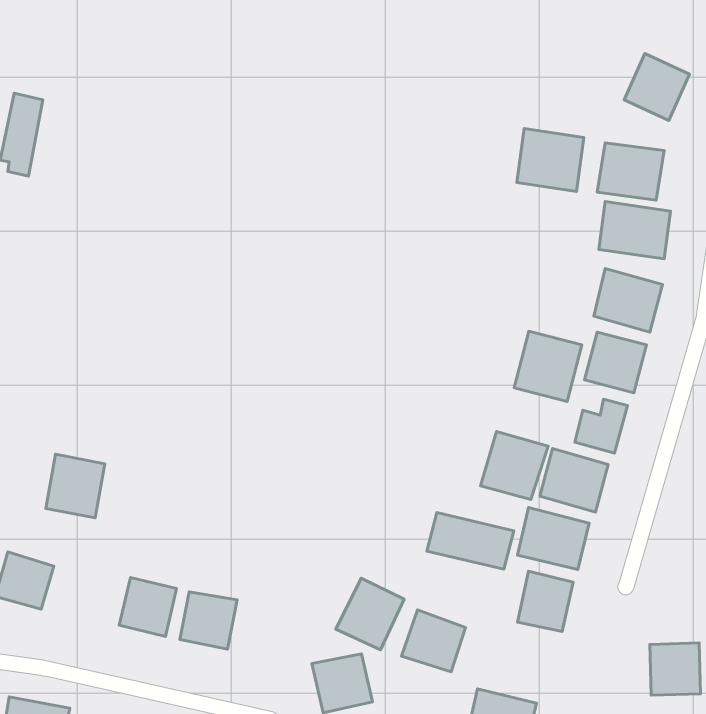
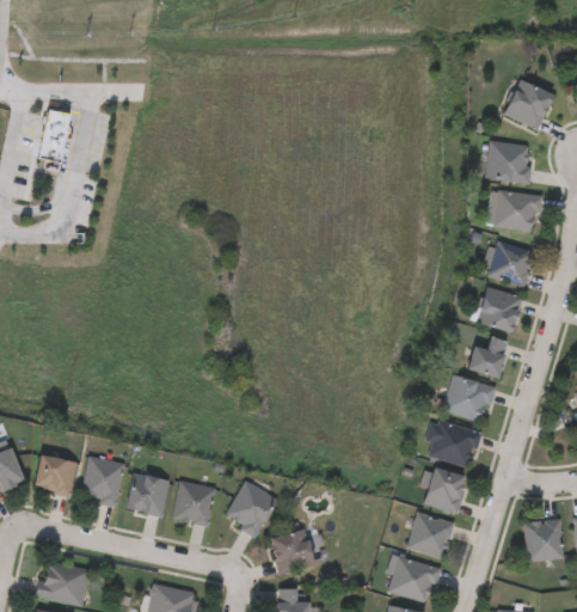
building: [517,128,584,191] -> none
building: [514,331,582,402] -> none
building: [481,431,548,500] -> none
building: [46,454,105,518] -> [80,455,124,503]
building: [427,513,514,569] -> none
building: [336,578,404,650] -> [225,481,276,534]
building: [402,610,465,672] -> [406,510,454,557]

